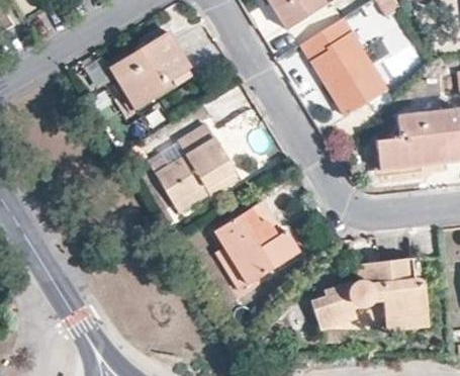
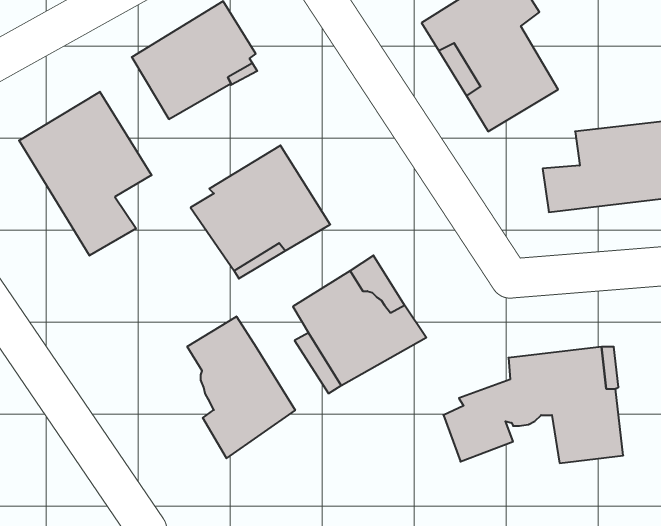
building: none -> [19,92,152,256]
building: none -> [187,316,295,458]

